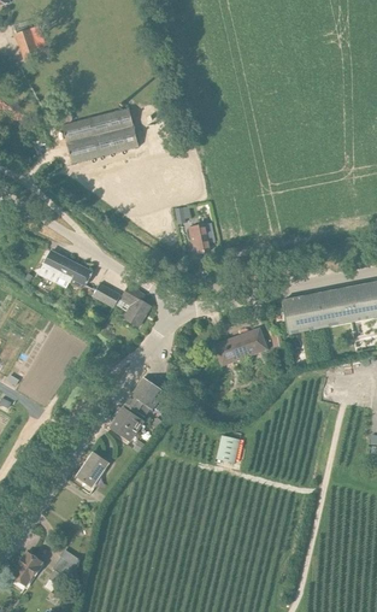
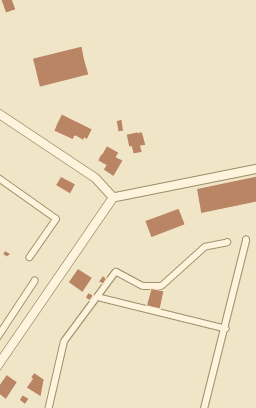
building: [40,251,93,287] -> [53,114,93,141]
building: [116,283,151,325] -> [98,145,123,177]
building: [124,376,164,414] -> none
building: [76,451,108,484] -> none

